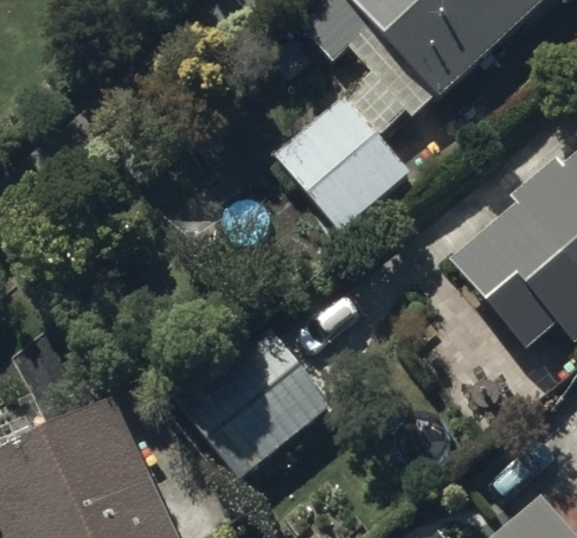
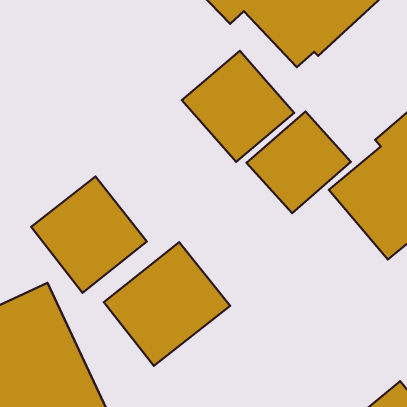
building: none -> [247,112,351,213]
building: none -> [31,177,147,293]

